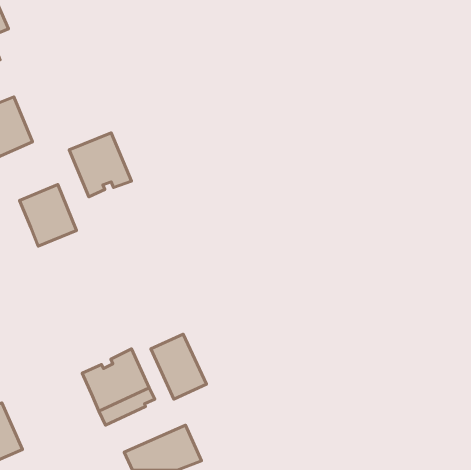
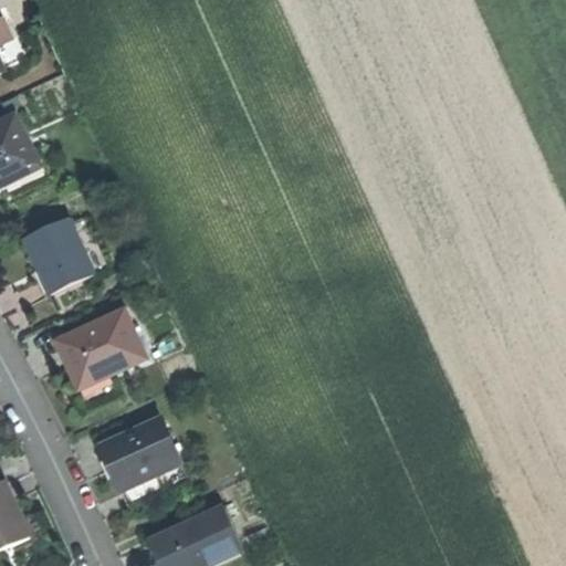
building: [69,133,131,197] -> none
building: none -> [56,308,144,388]
building: [151,334,207,399] -> none

